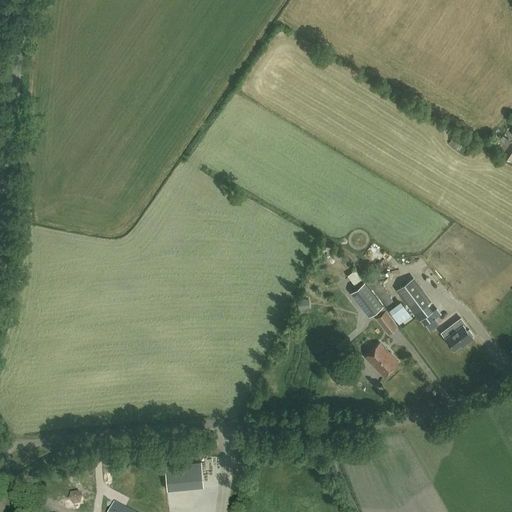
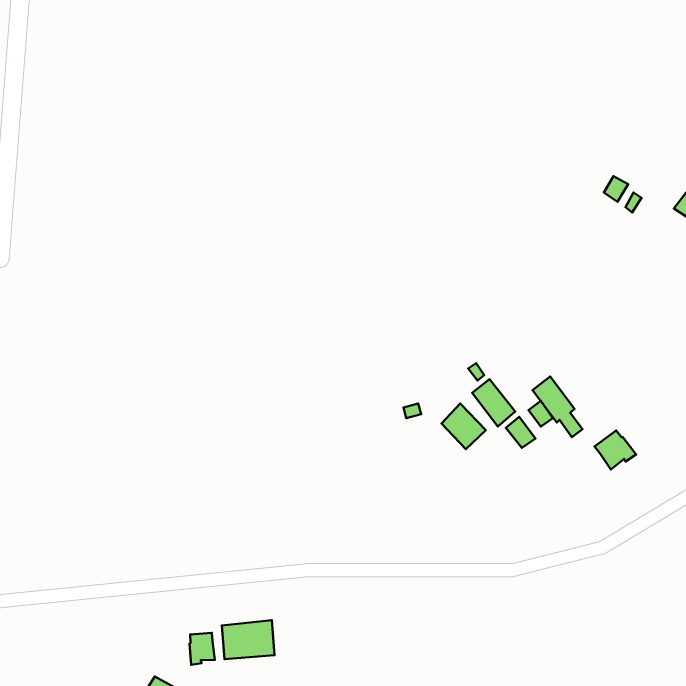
building: [366,343,399,377] -> [441,403,486,449]
building: none -> [190,633,215,665]

